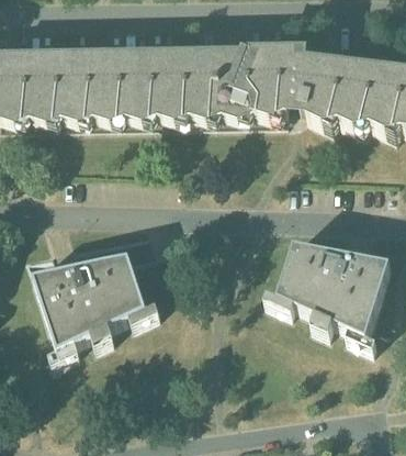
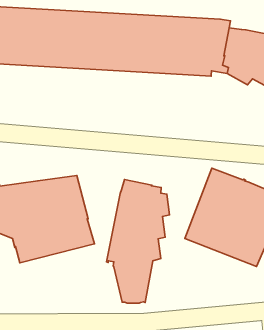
building: none -> [106,179,170,303]

